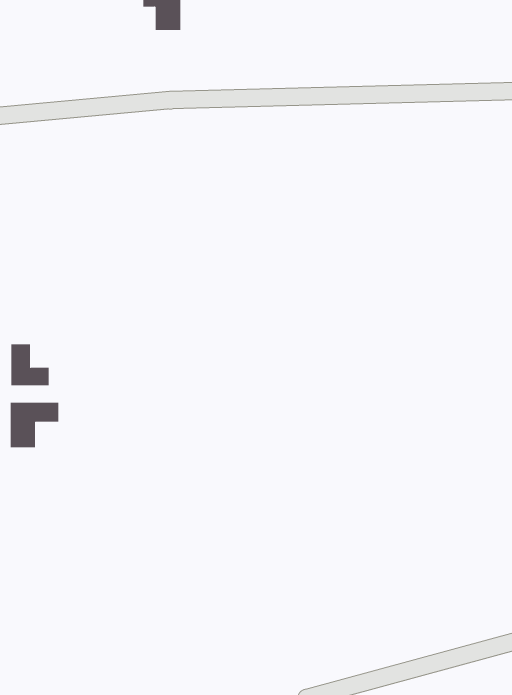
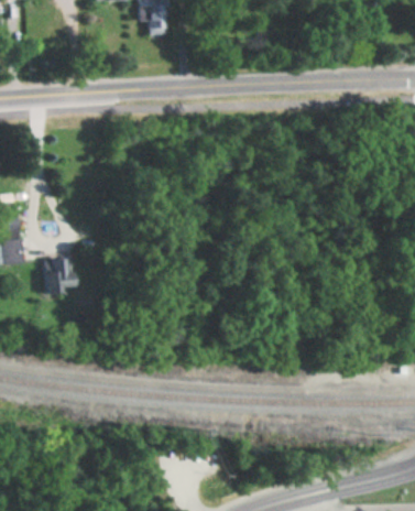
building: [10,402,59,448] -> none

